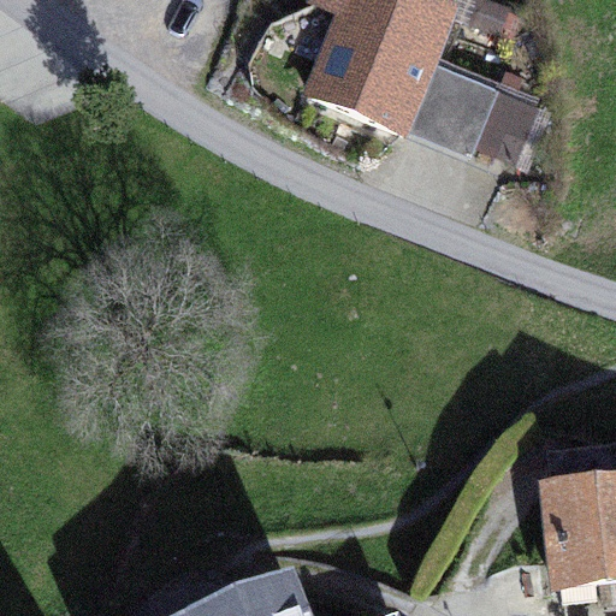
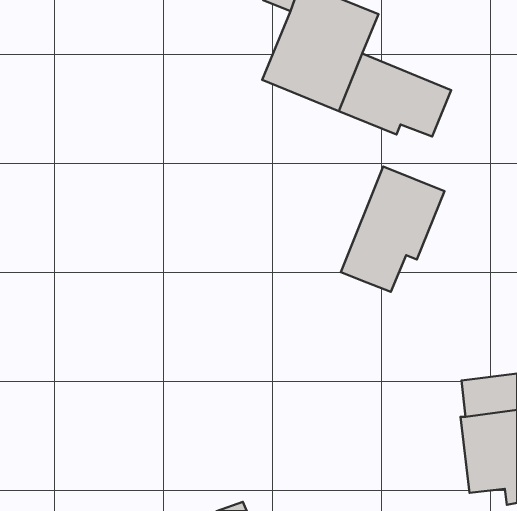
building: none -> [341,166,444,292]

